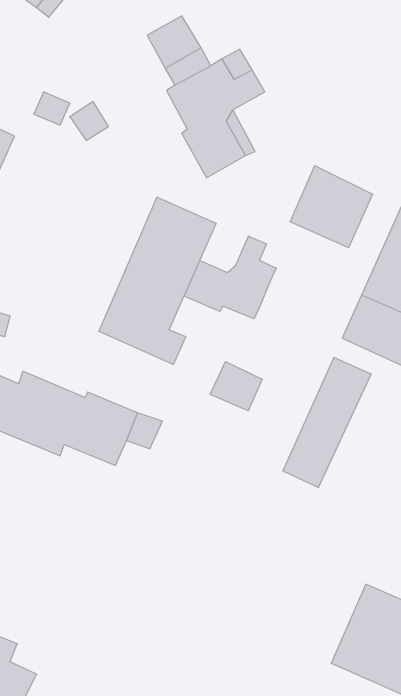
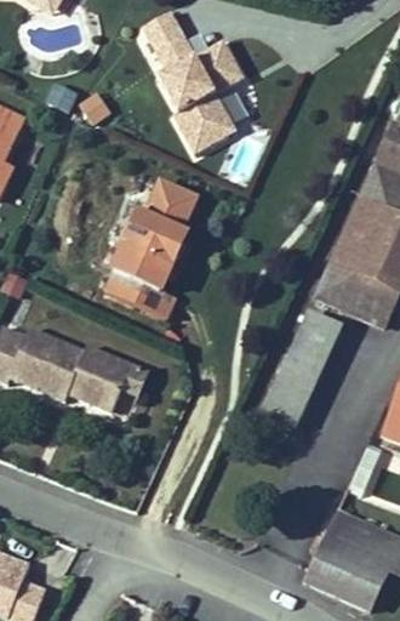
building: [290,166,373,248] -> none
building: [184,236,276,319] -> none
building: [210,362,262,411] -> none

